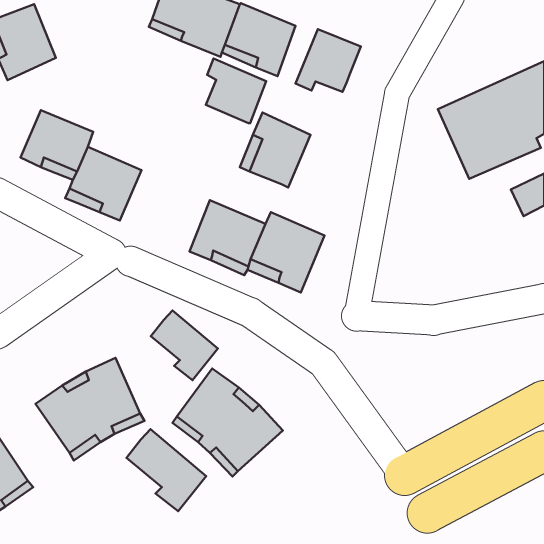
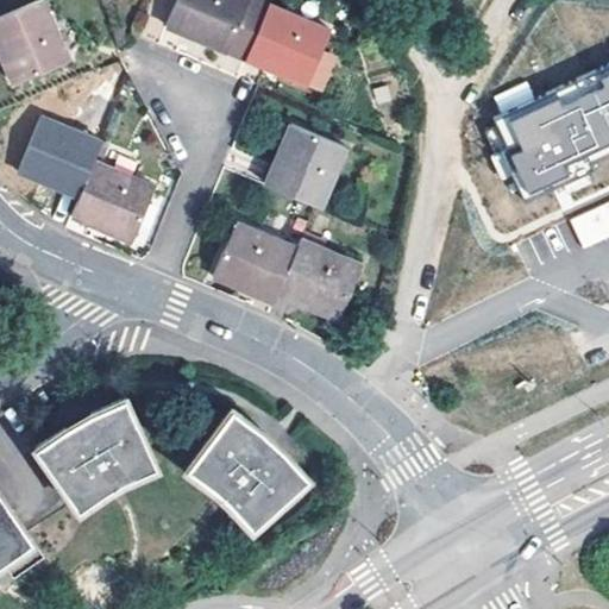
building: [295,29,361,92] -> none
building: [206,59,266,123] -> none
building: [151,311,218,380] -> none
building: [126,429,206,511] -> none

